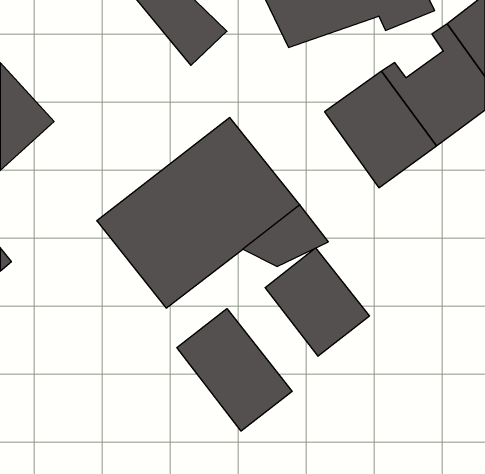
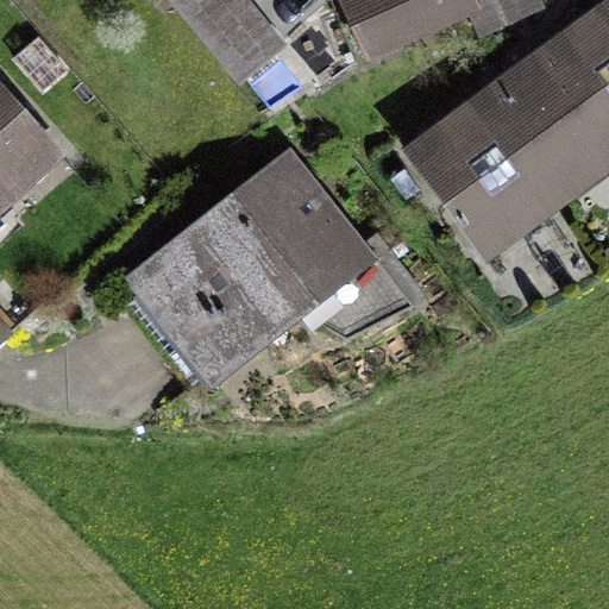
building: [265,248,369,356] -> none
building: [177,309,292,431] -> none

